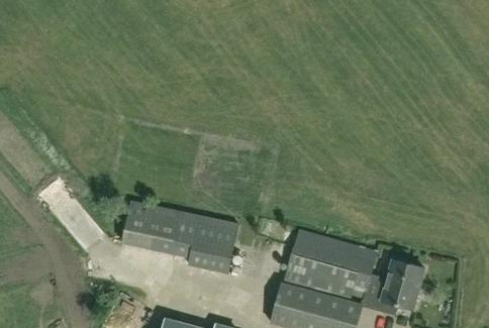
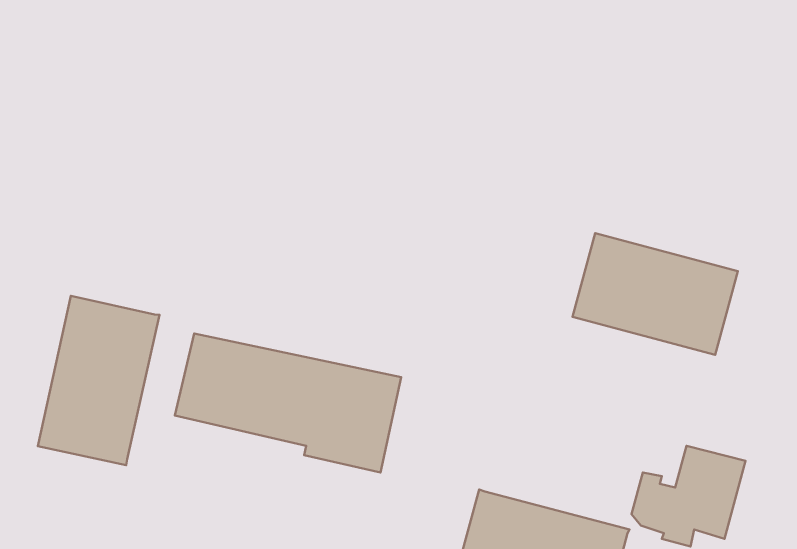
building: none -> [38,296,159,465]
building: [287,231,375,296] -> [572,233,738,355]

